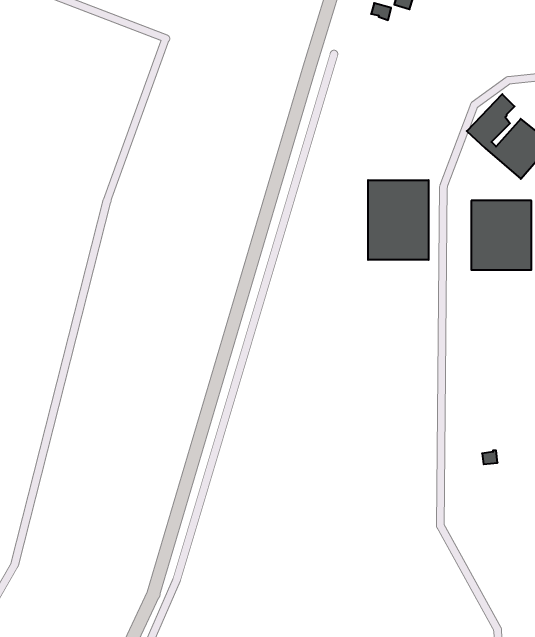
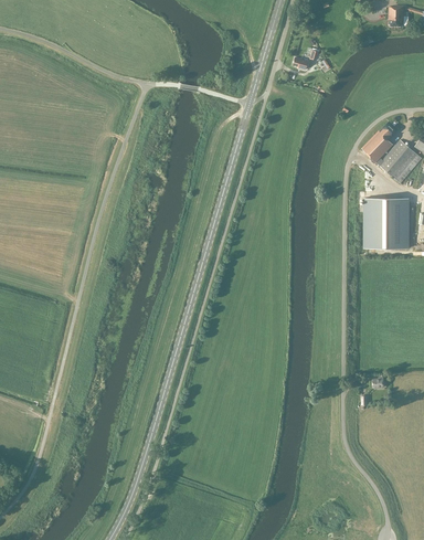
building: [368,180,429,260] -> none

